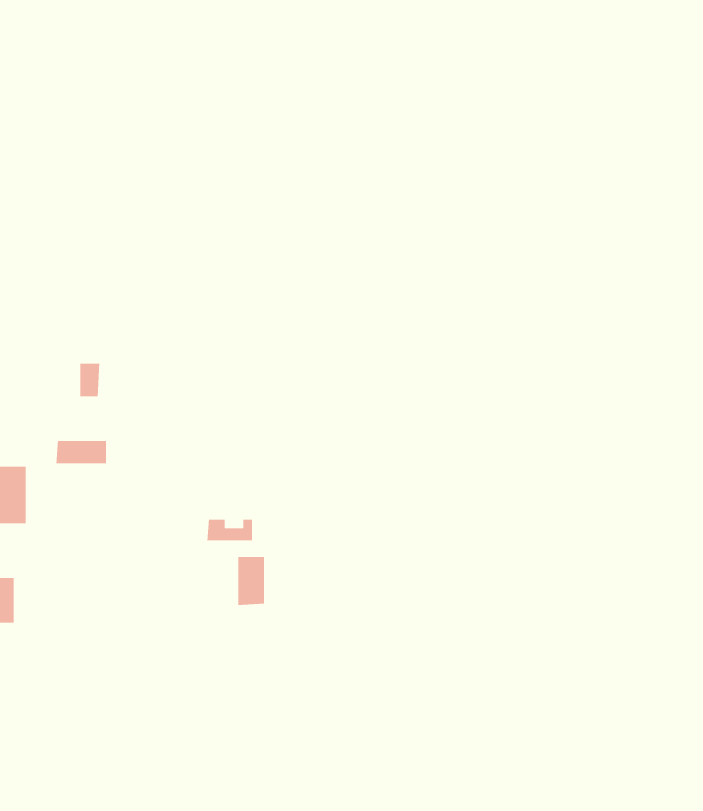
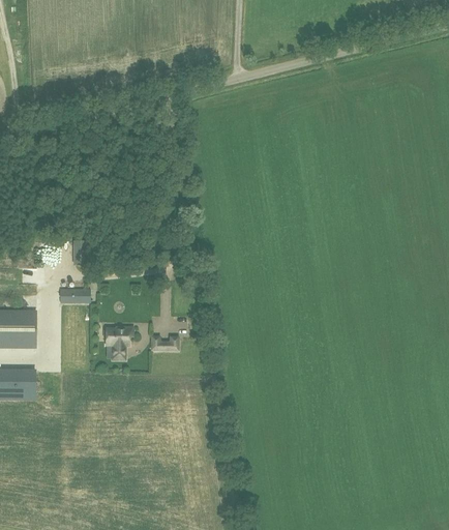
building: none -> [100,327,130,359]
building: [237,556,265,606] -> none

